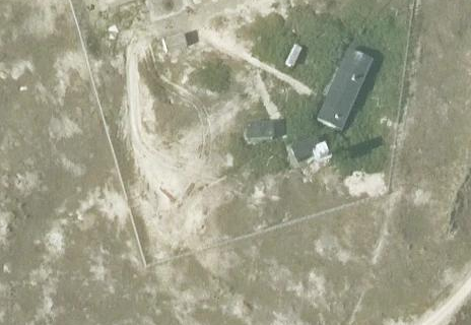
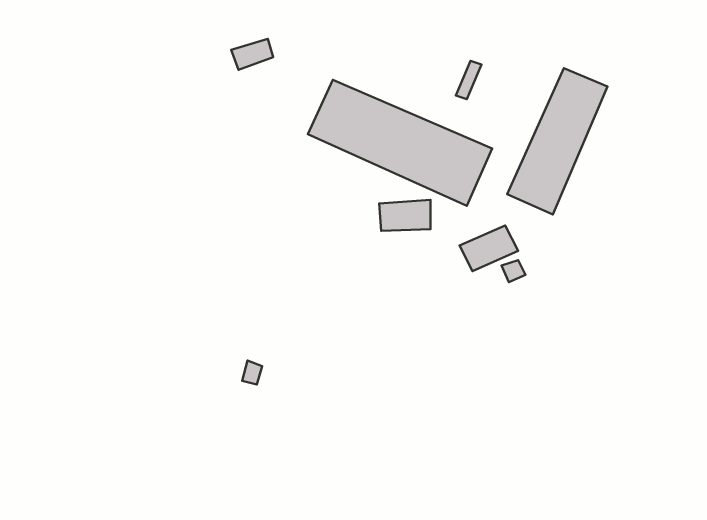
building: none -> [308,80,492,206]

